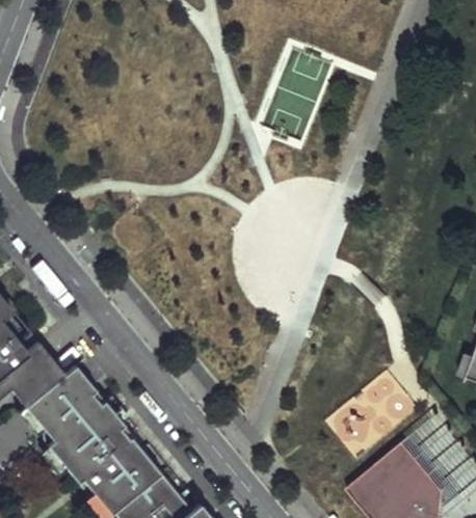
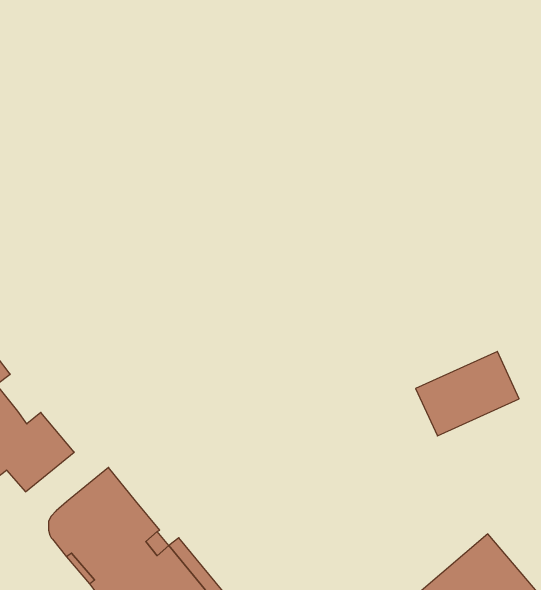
building: [24,365,91,430] -> none
building: [329,382,414,451] -> [416,351,519,436]

